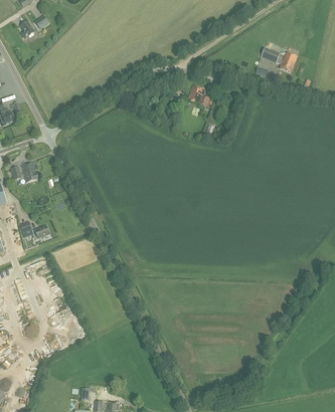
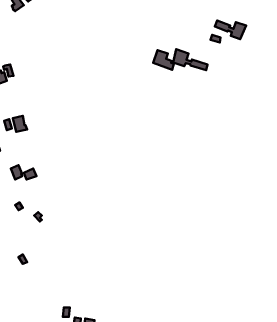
building: none -> [173,49,208,70]

